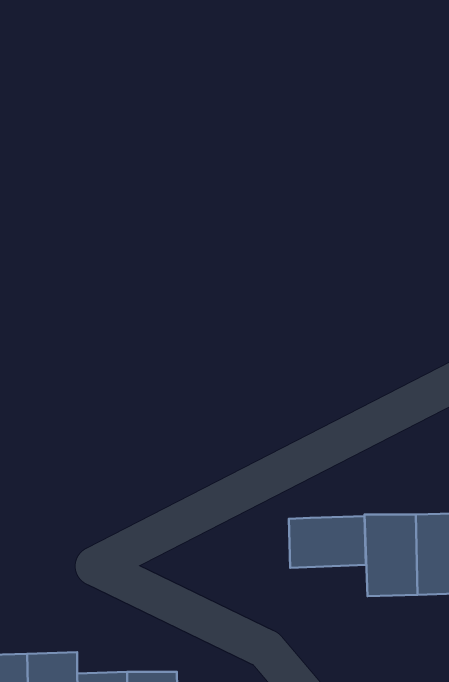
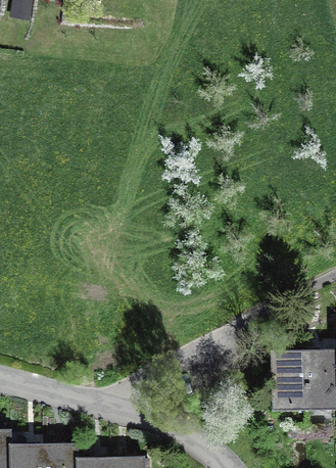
building: [289,516,366,568] -> none

